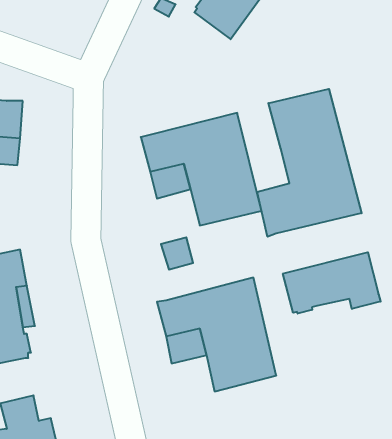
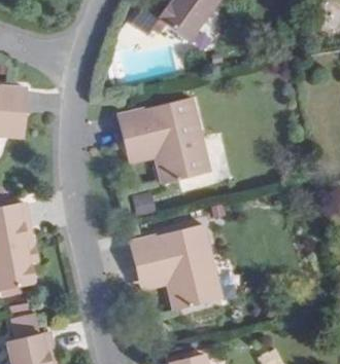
building: [257,89,362,237] -> none
building: [283,252,381,314] -> none

